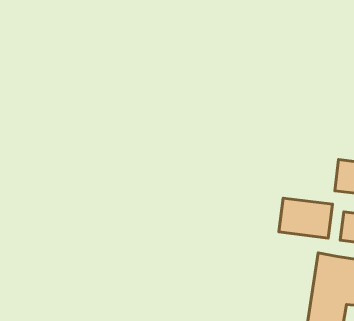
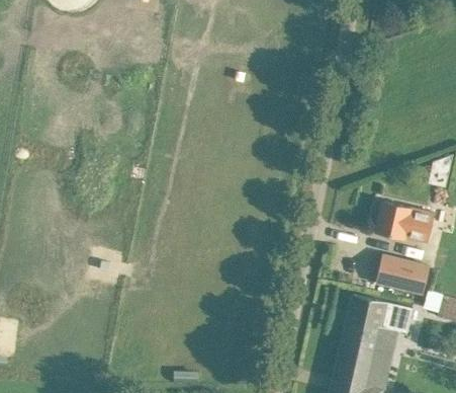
building: [279,198,332,238] -> none

